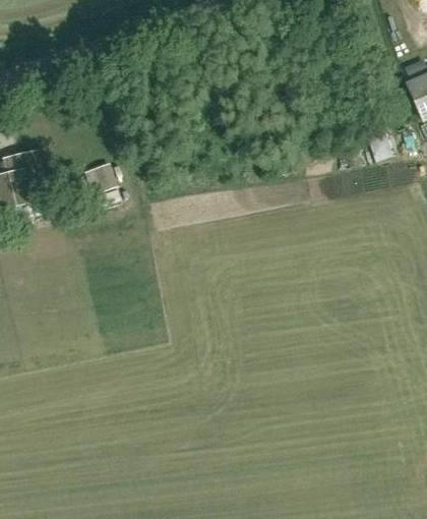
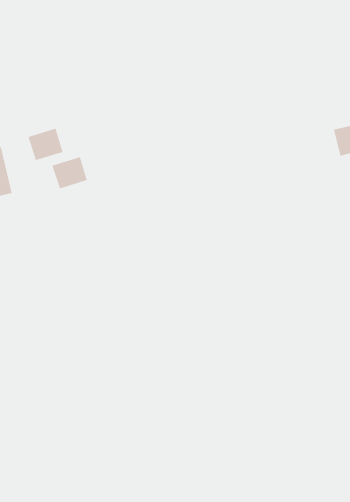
building: none -> [28,128,63,161]

